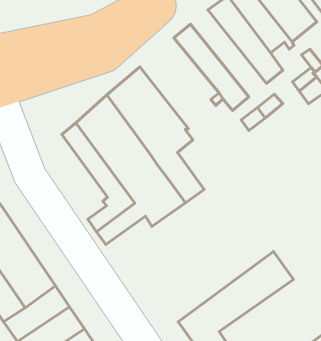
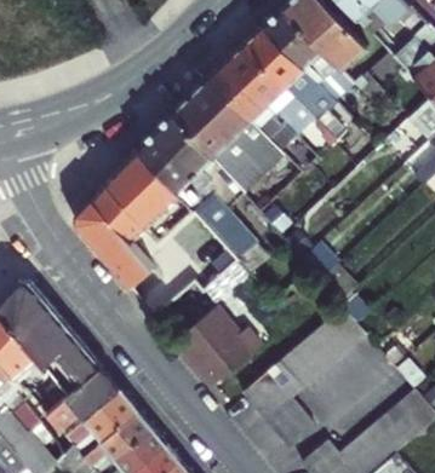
building: none -> [224,42,316,135]
building: none -> [172,77,273,214]
building: none -> [78,198,150,290]
building: none -> [174,306,261,386]

